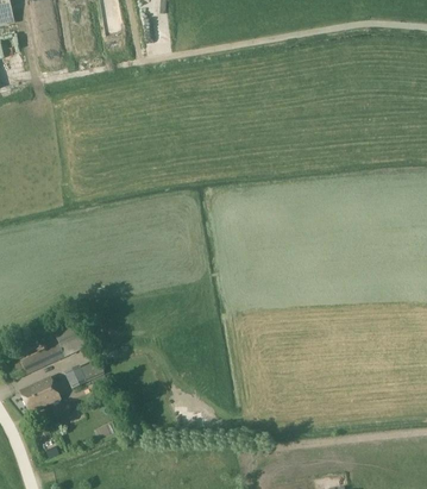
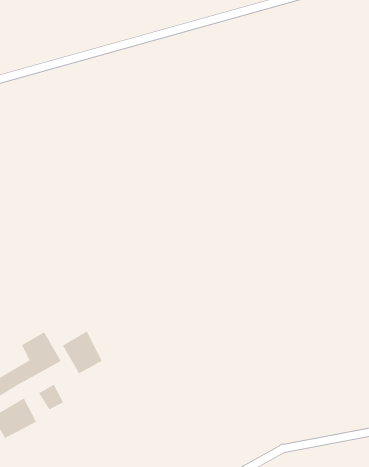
building: none -> [62,331,102,374]

